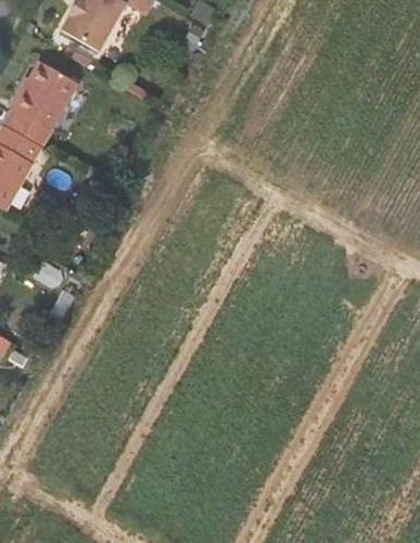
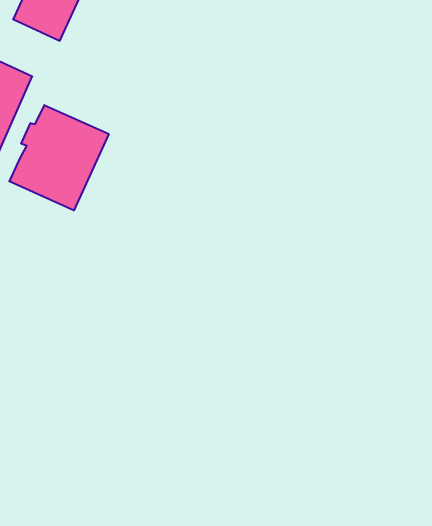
building: none -> [9,105,109,210]

